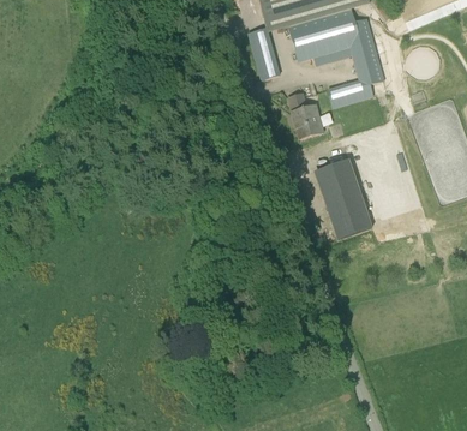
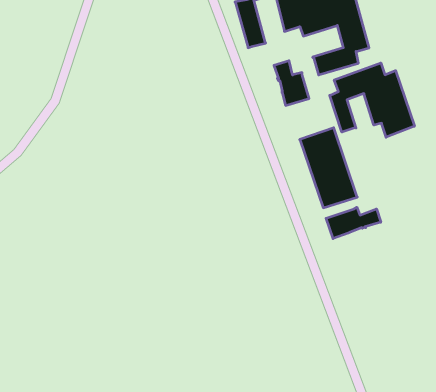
building: none -> [330,63,414,137]
building: none -> [326,207,381,239]

